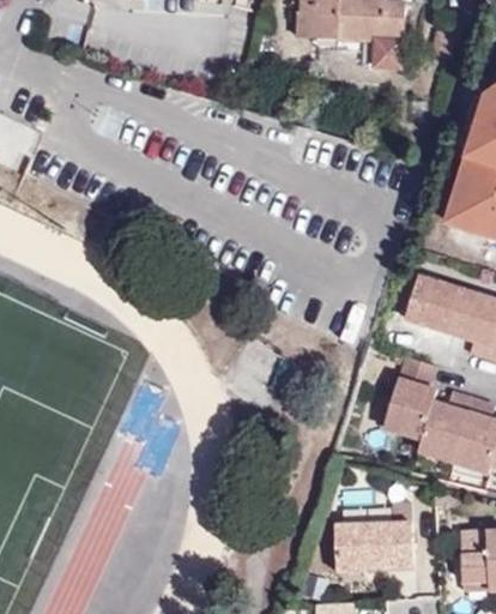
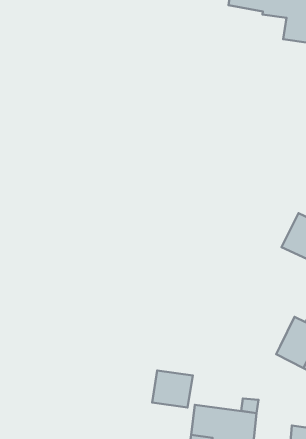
building: [387,356,441,439] -> none
building: none -> [152,371,193,407]

